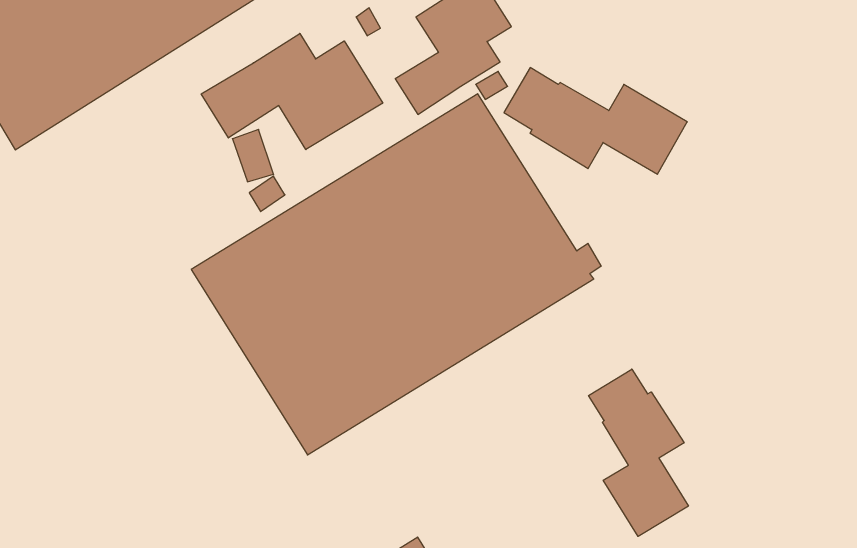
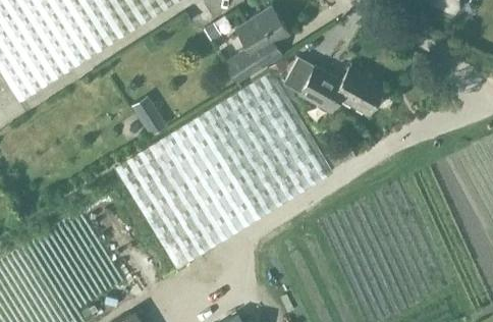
building: [201,33,383,150] -> none
building: [589,369,688,536] -> none

